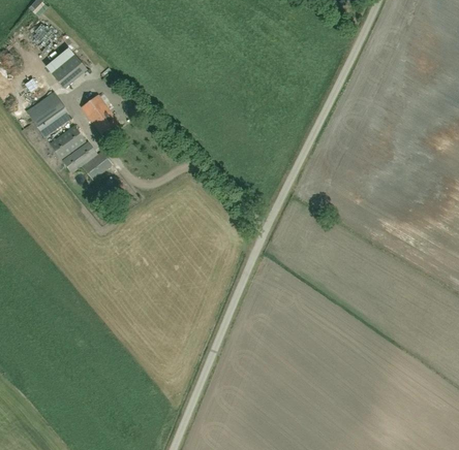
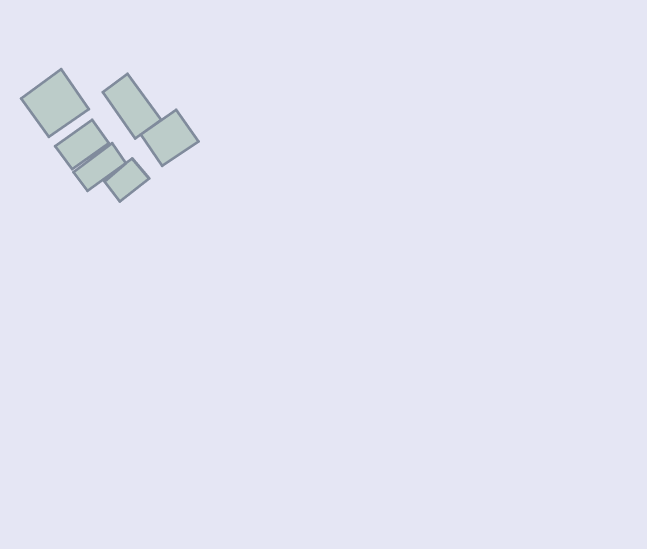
building: [52,53,87,87] -> none
building: none -> [141,110,198,166]

